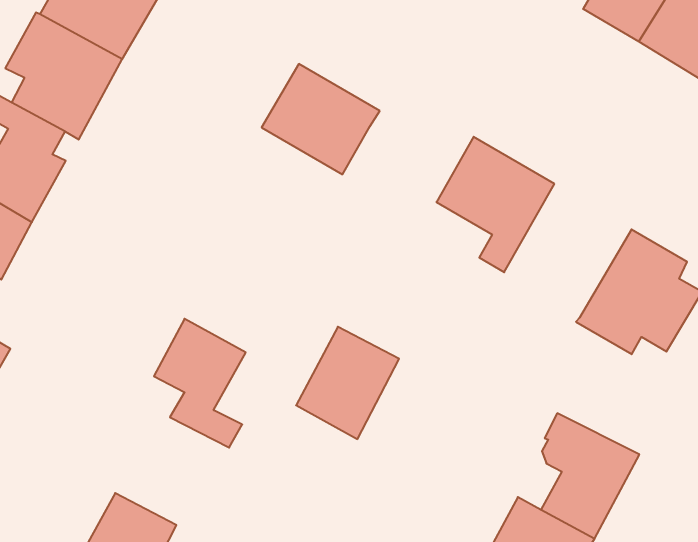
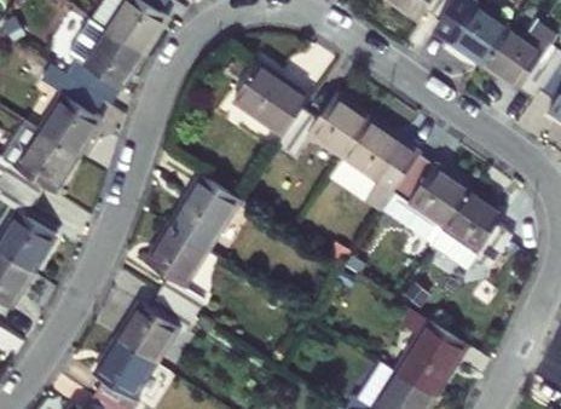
building: none -> [279,97,371,163]
building: none -> [384,157,470,247]
building: [296,327,399,439] -> [172,178,242,253]
building: none -> [117,292,195,363]

